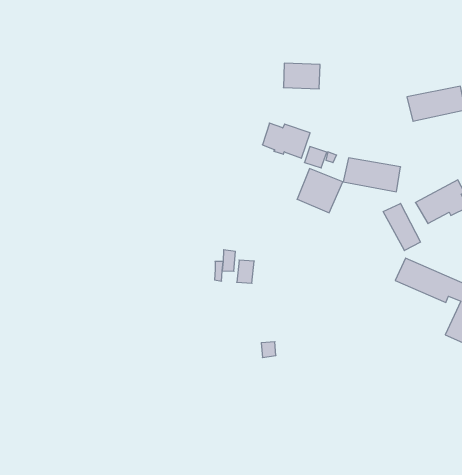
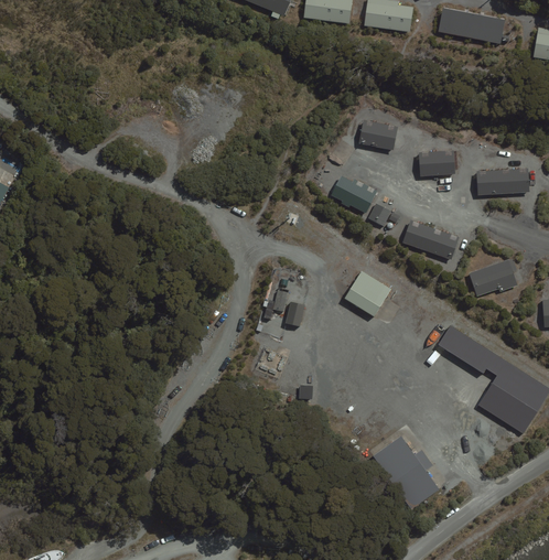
building: none -> [419,149,455,175]
building: [297,169,343,213] -> [345,270,391,315]
building: [383,203,420,251] -> none
building: none -> [373,435,440,509]

